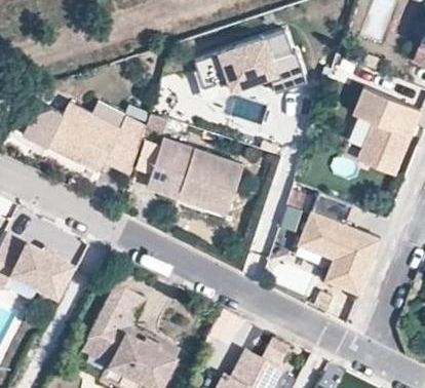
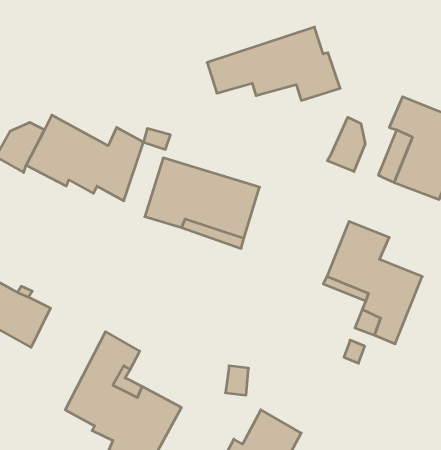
building: none -> [327,117,365,172]

